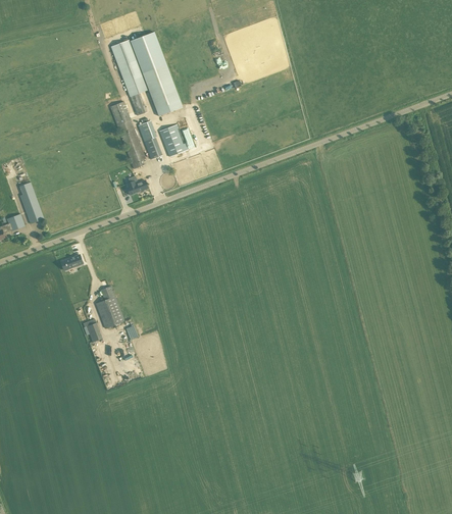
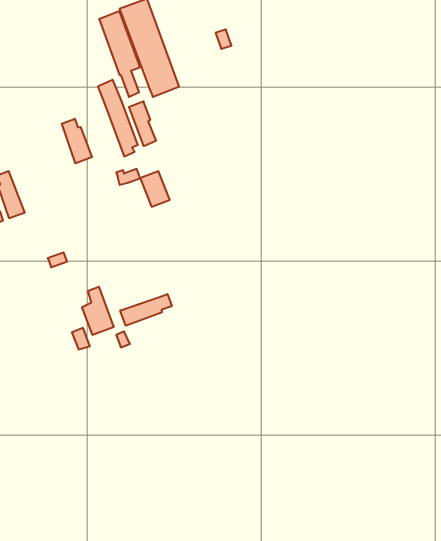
building: [158,125,185,157] -> [140,171,170,207]
building: none -> [62,119,92,163]
building: none -> [120,294,172,326]

